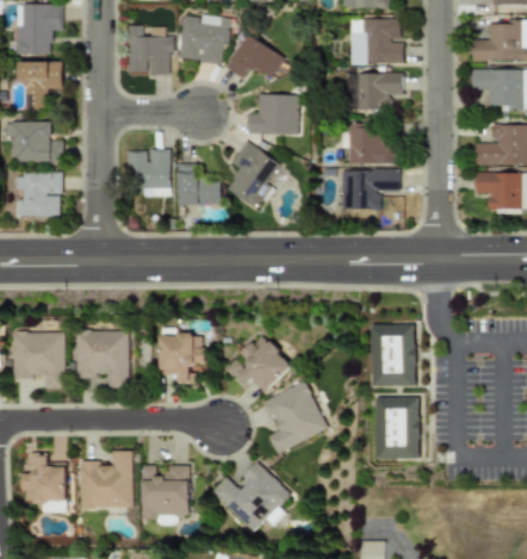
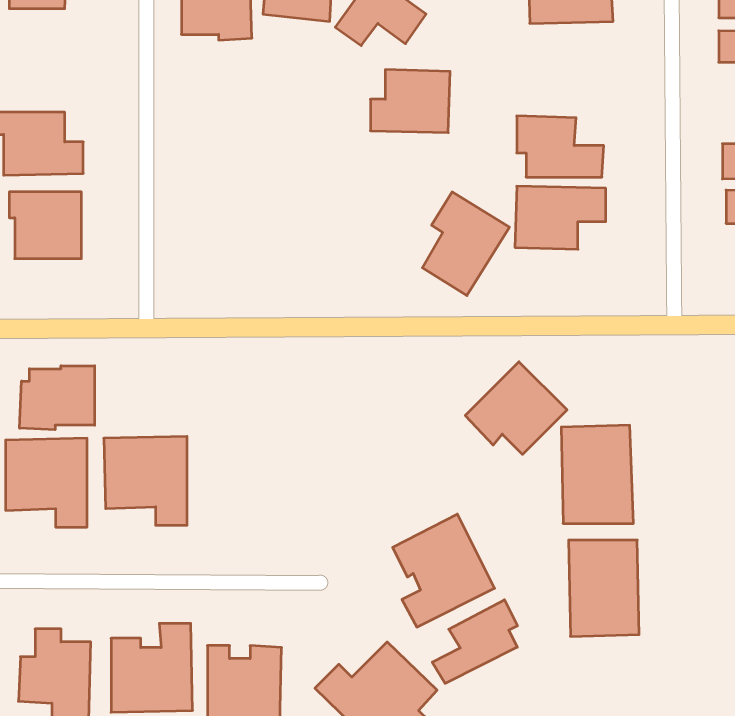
building: [18,61,64,107] -> none
building: [347,73,403,110] -> none
building: [227,141,283,207] -> [422,192,509,296]
building: [128,149,170,194] -> none
building: [178,163,222,205] -> none
building: none -> [20,366,95,430]
building: [228,334,293,393] -> [465,362,567,454]
building: [161,335,205,383] -> none
building: none -> [432,600,517,683]

